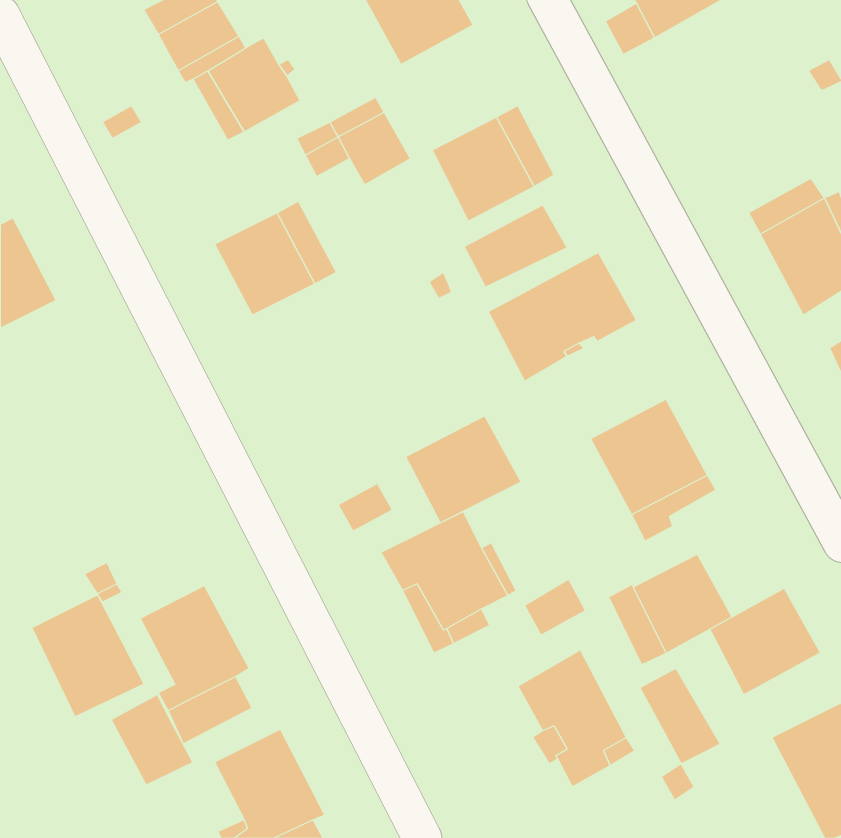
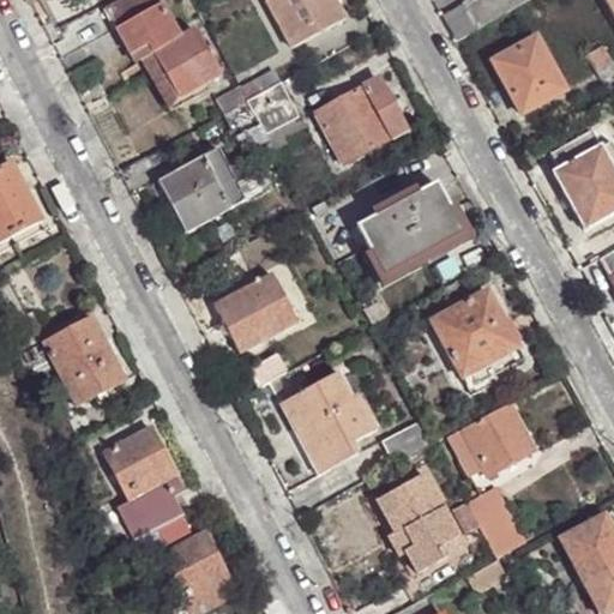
building: none -> [493,36,566,114]
building: [464,205,567,287] -> none
building: [406,416,521,523] -> [213,272,297,350]
building: [710,588,821,695] -> none
building: [32,595,144,717] -> [44,314,126,403]
building: [111,695,193,785] -> none

